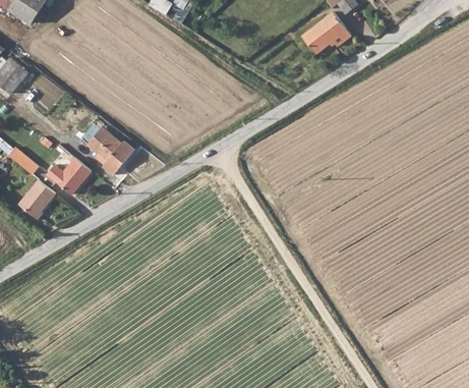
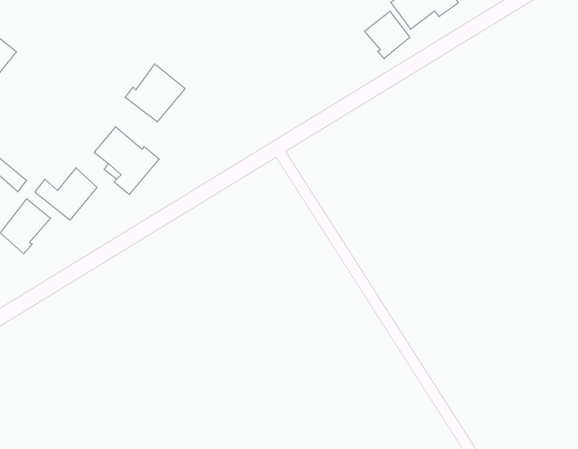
building: none -> [364,11,410,59]
building: none -> [125,64,185,122]

